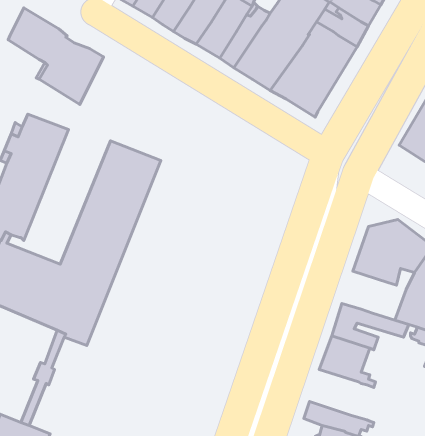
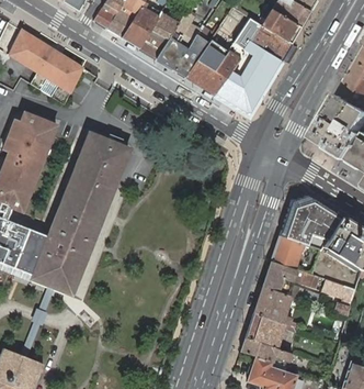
building: none -> [270,236,306,269]
building: none -> [244,313,297,353]

